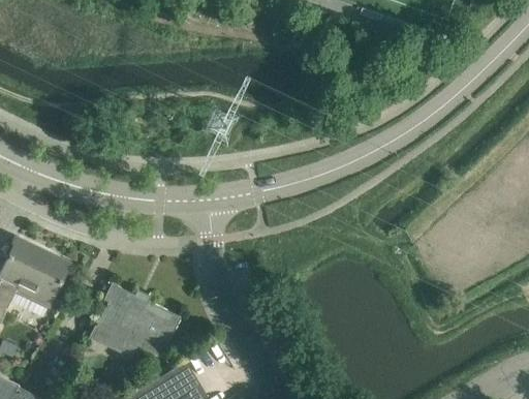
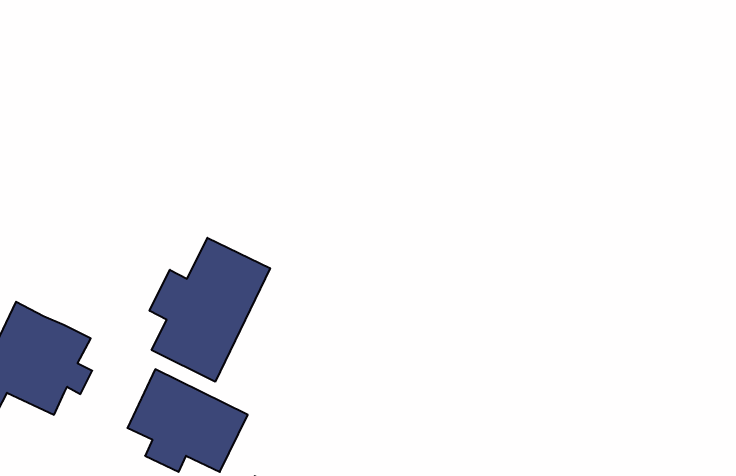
building: none -> [150,238,270,382]

